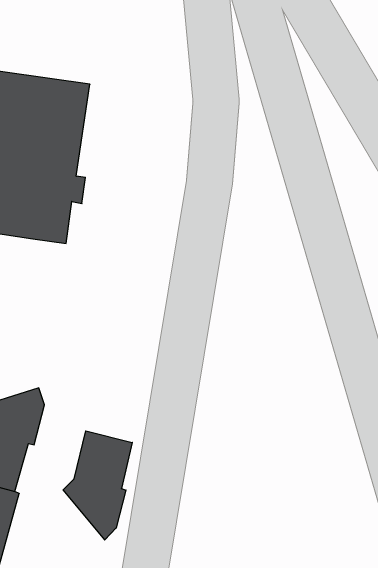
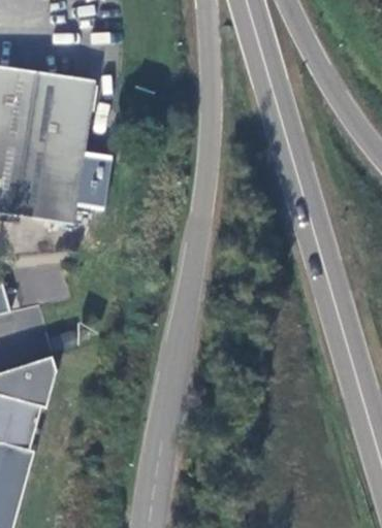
building: [63,431,132,540] -> none

